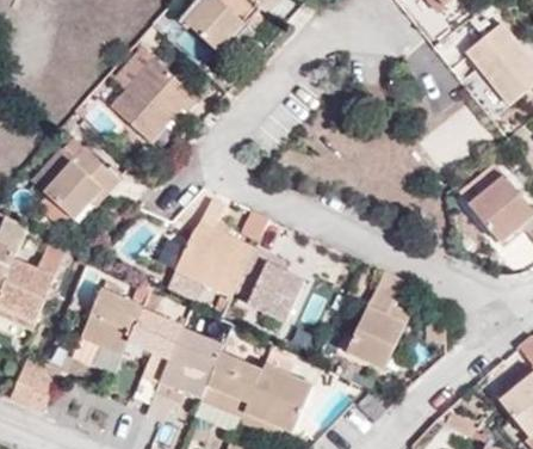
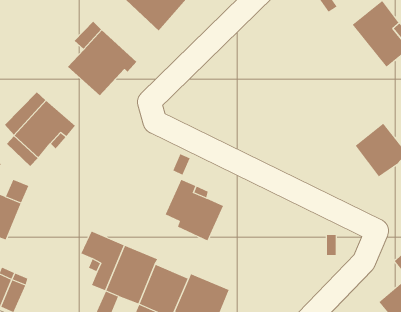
building: [167,202,253,301] -> none
building: [346,273,409,370] -> none
building: [72,288,142,374] -> none

